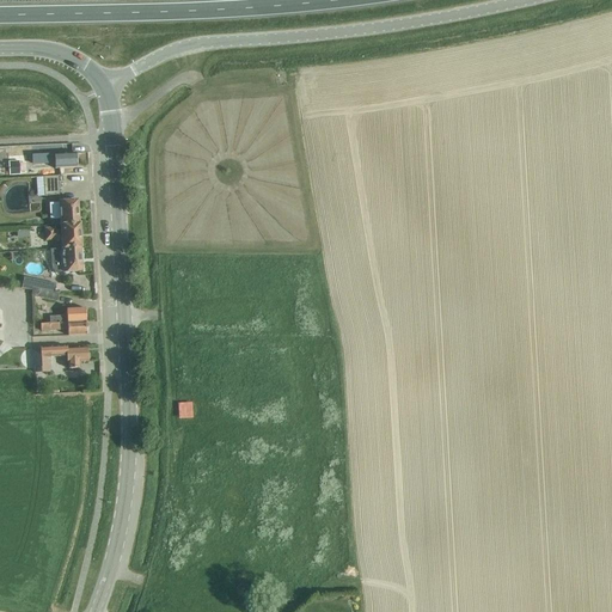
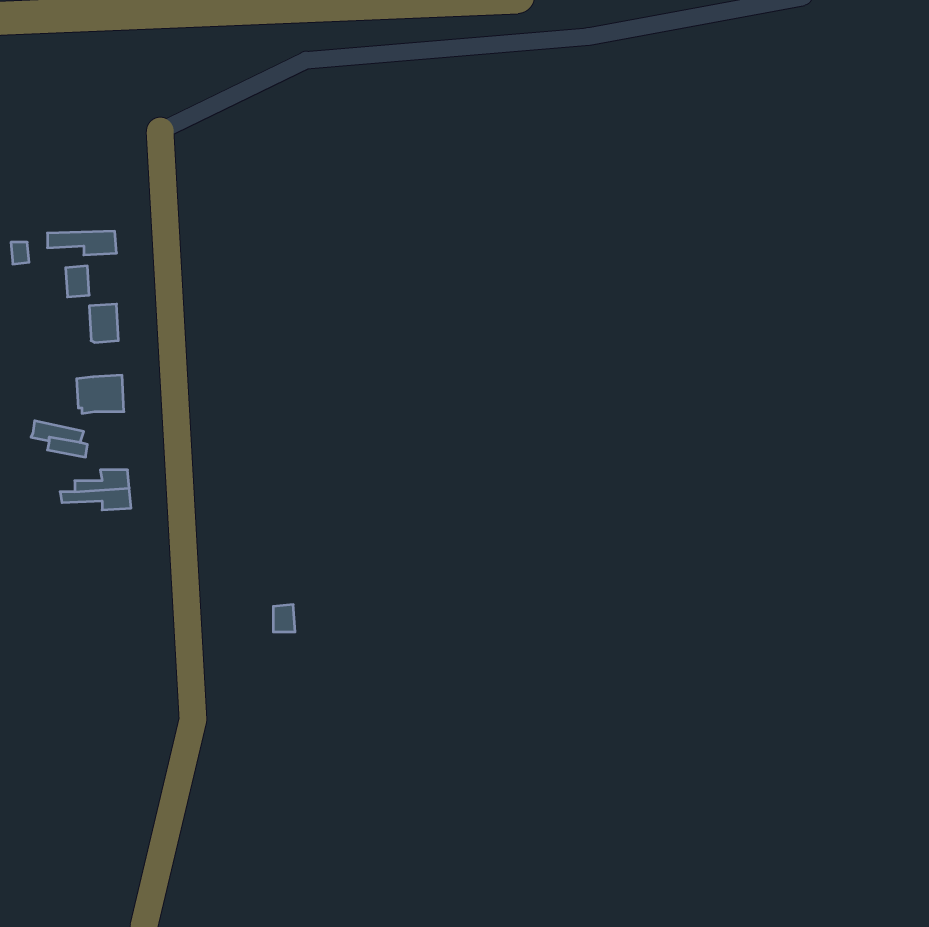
building: [44,224,81,247] -> none
building: [32,345,87,367] -> none

